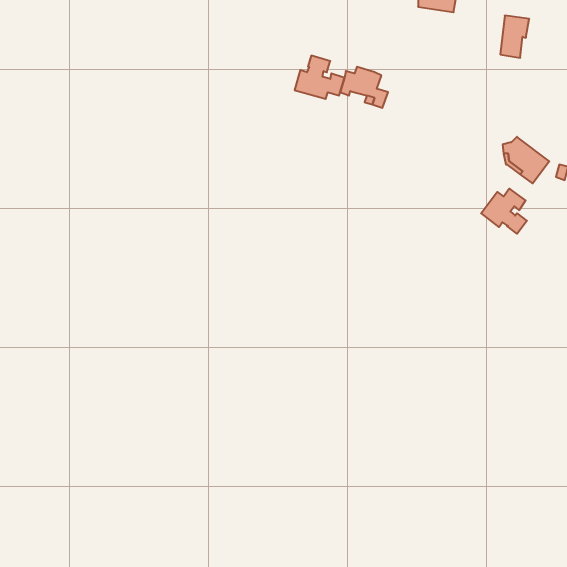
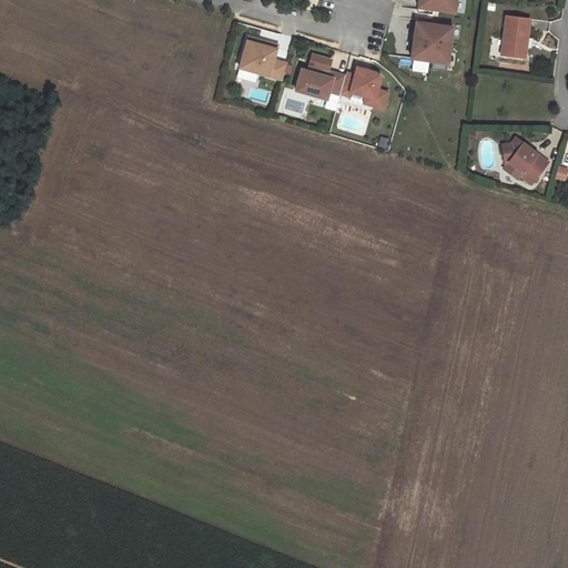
building: none -> [410,21,453,62]
building: none -> [239,38,286,80]
building: [481,189,527,234] -> none

